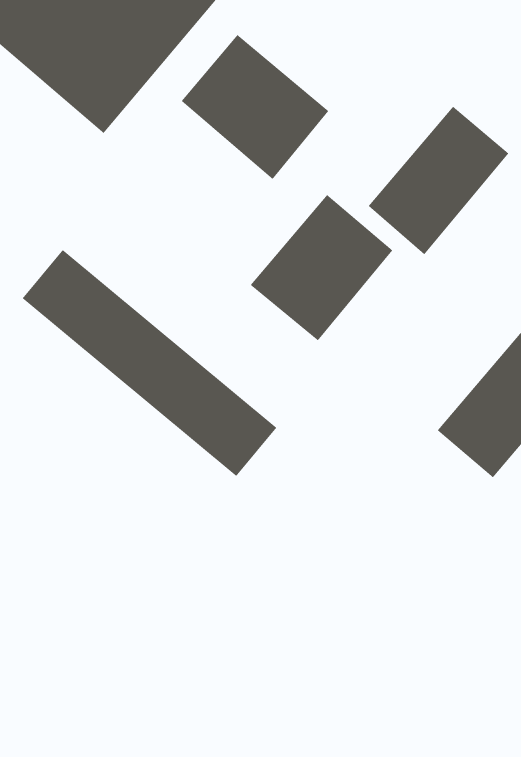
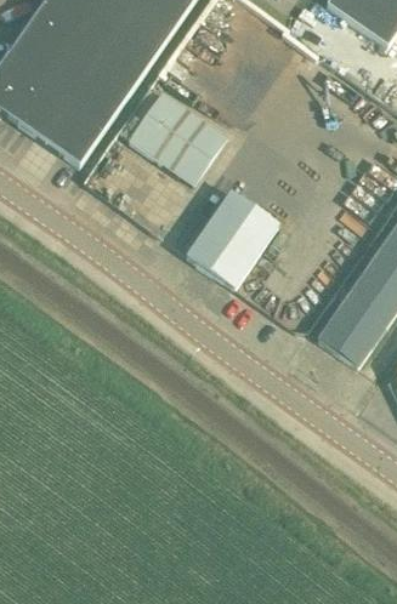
building: [368,106,509,255] -> none
building: [22,249,277,477] -> none

